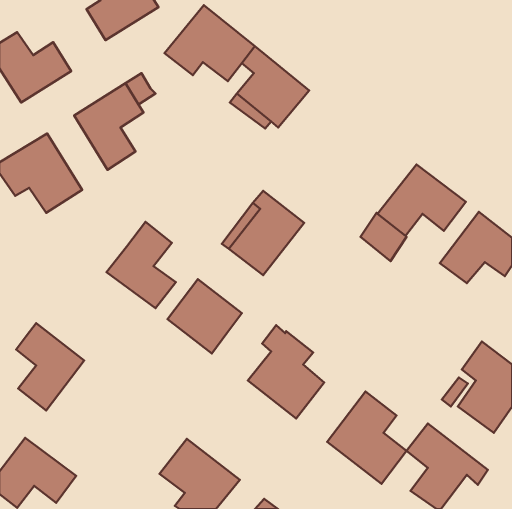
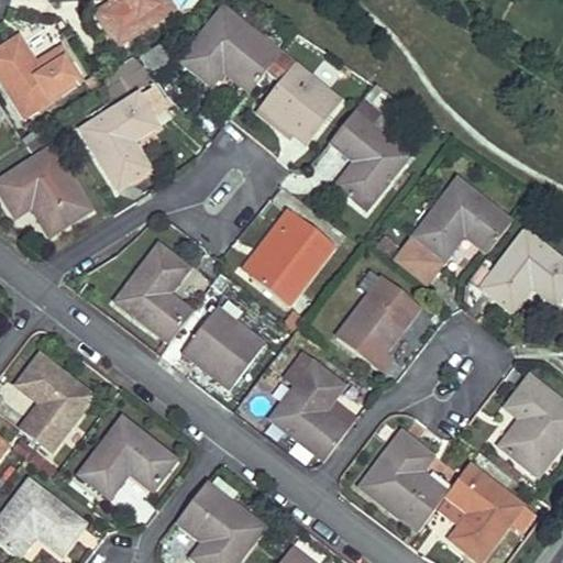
building: none -> [330,100,408,206]
building: none -> [336,276,419,372]
building: none -> [79,417,175,494]

